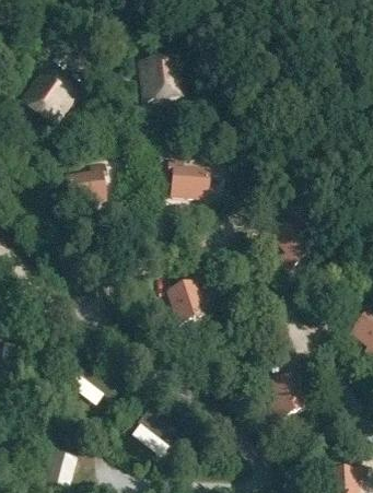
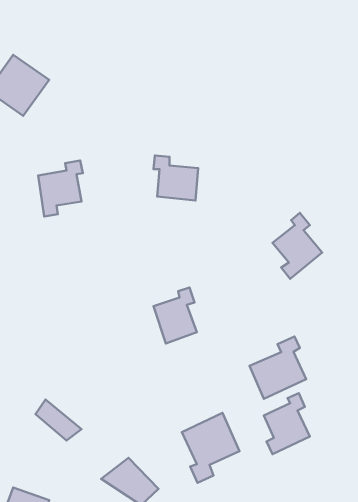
building: [142,54,185,96] -> none
building: none -> [249,336,306,399]
building: none -> [182,413,240,483]

